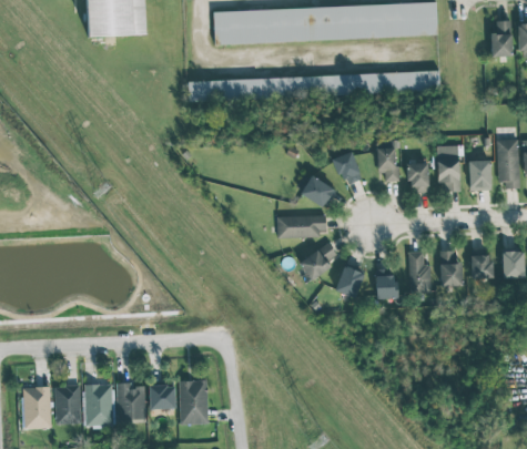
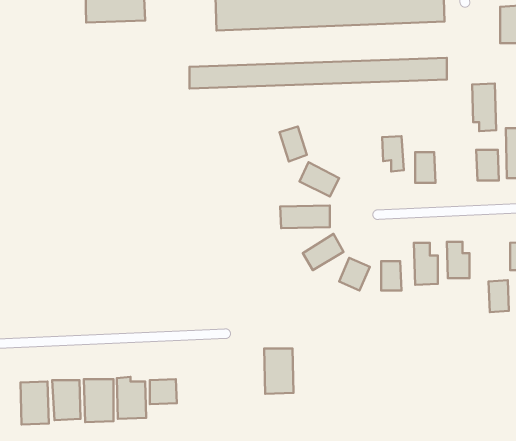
building: [437,145,460,192] -> [472,84,496,131]
building: [335,152,362,186] -> [280,126,307,162]
building: [472,248,491,279] -> [489,280,509,312]
building: [180,380,209,425] -> [264,348,293,394]

